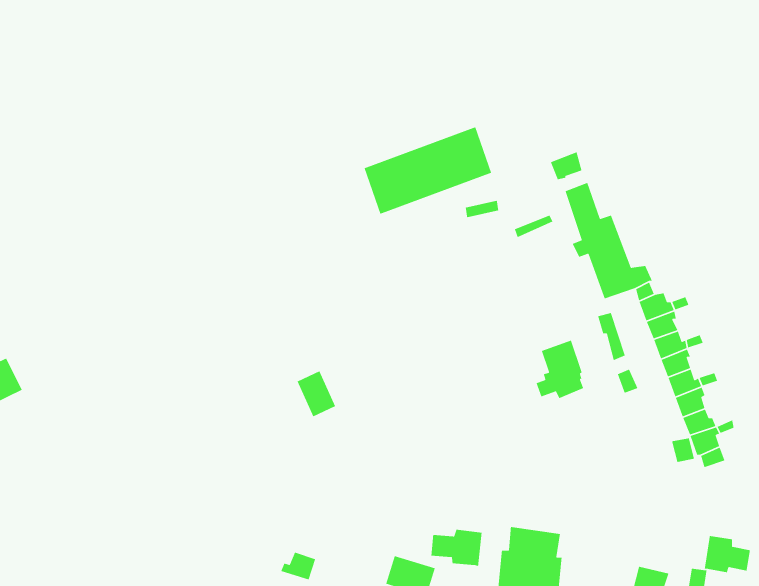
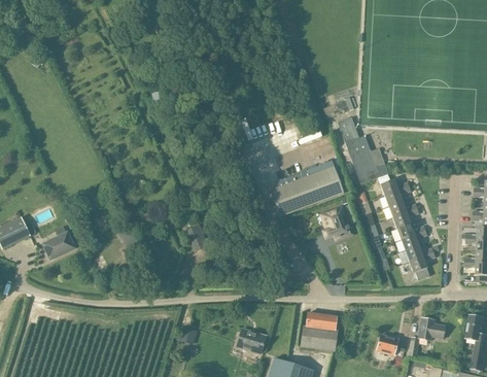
building: [363,126,492,215] -> [270,166,343,216]
building: none -> [42,226,74,259]
building: [430,529,483,567] -> none

